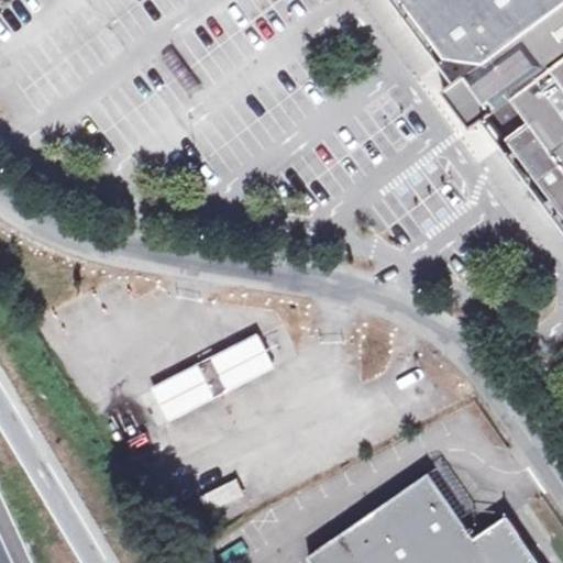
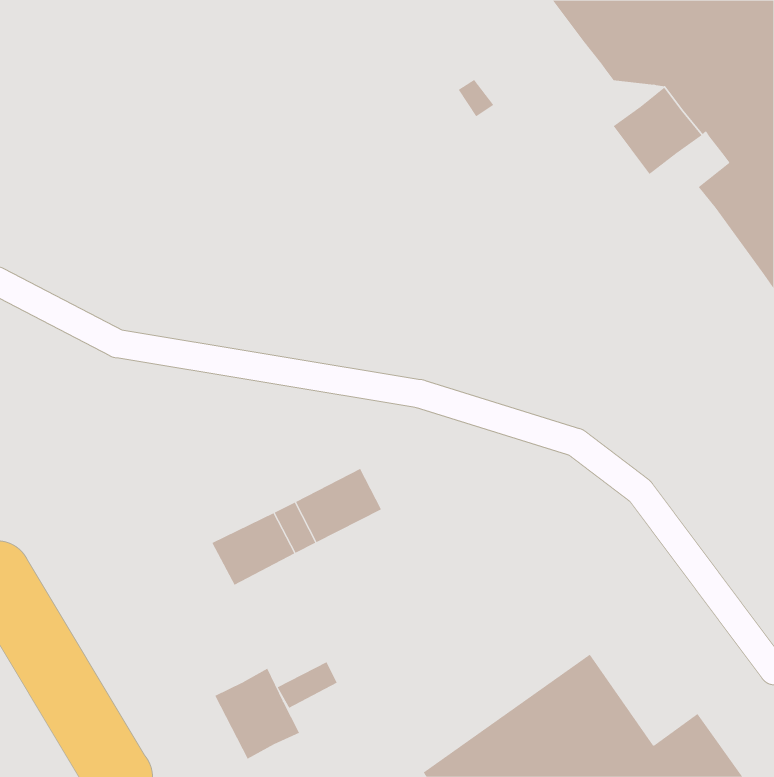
building: none -> [214,668,300,760]

